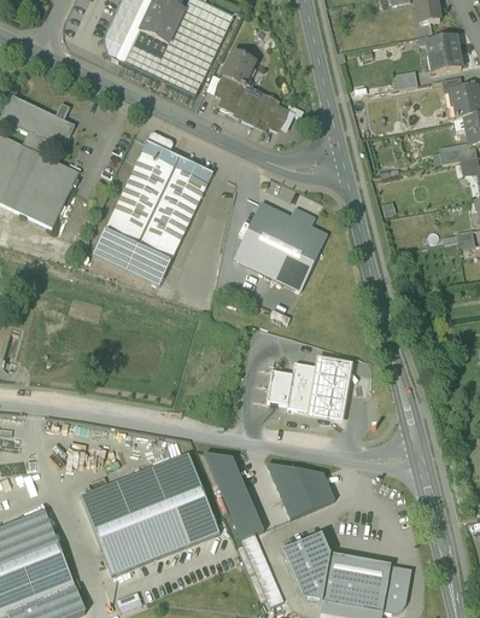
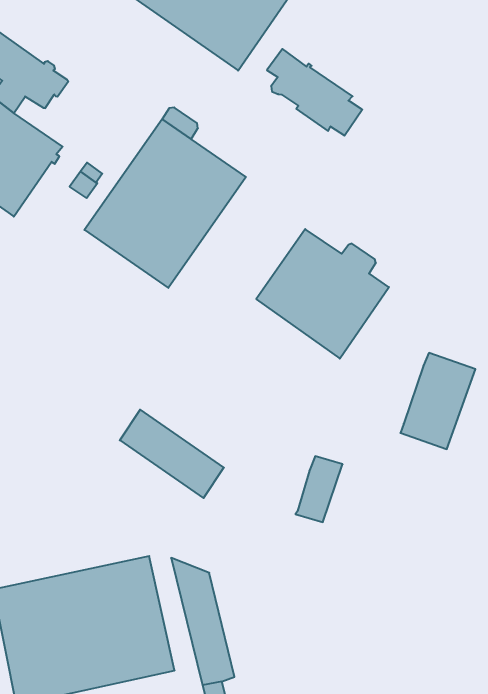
building: [222,51,254,86] -> none
building: [93,228,170,284] -> [120,410,224,498]
building: [306,355,352,421] -> [400,353,475,449]
building: [267,369,292,403] -> none
building: [267,462,334,518] -> none

